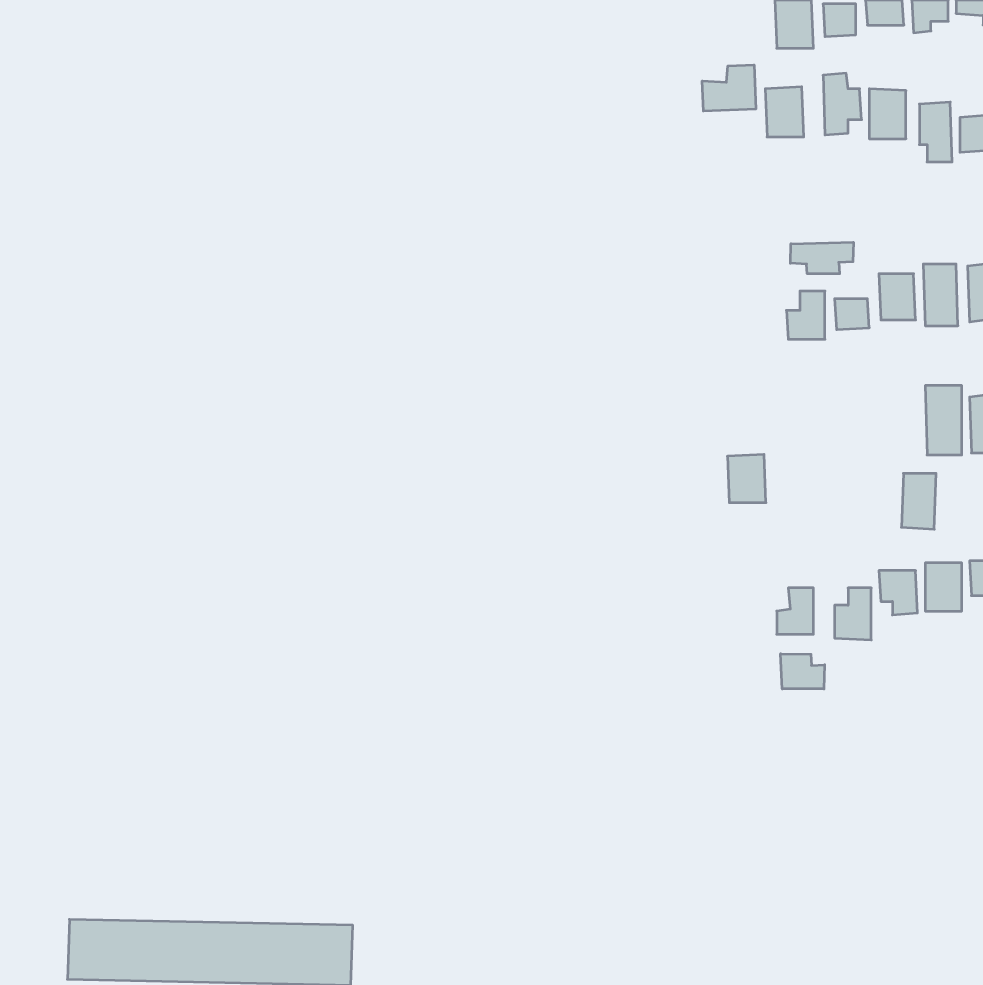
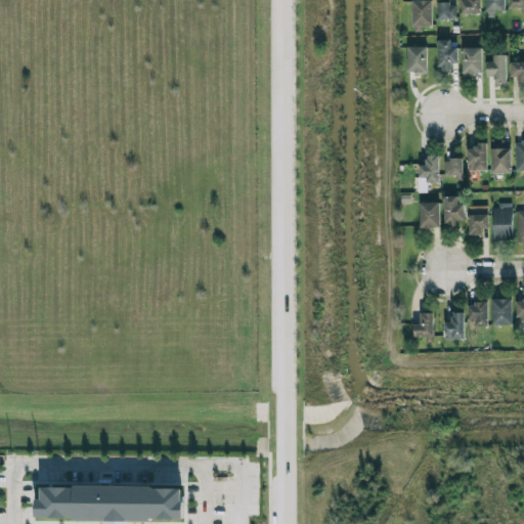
building: [702,65,756,111] -> none
building: [790,242,853,274] -> none
building: none -> [444,196,463,224]
building: [727,454,766,503] -> [420,202,440,227]
building: [901,473,936,529] -> [469,206,487,235]
building: [781,654,825,689] -> none

